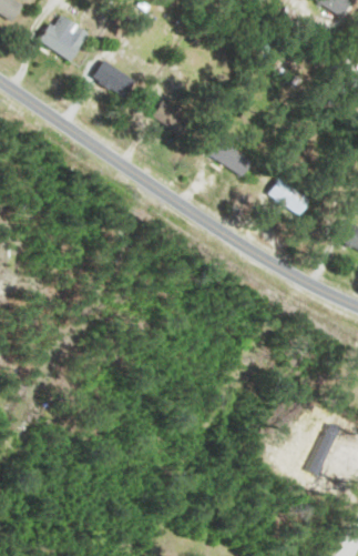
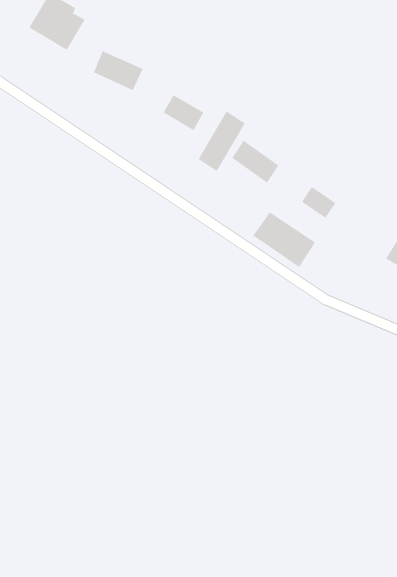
building: none -> [198,111,245,172]
building: none -> [253,212,316,268]

